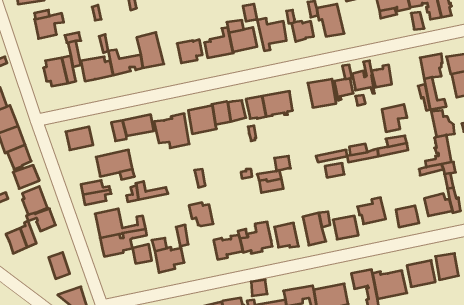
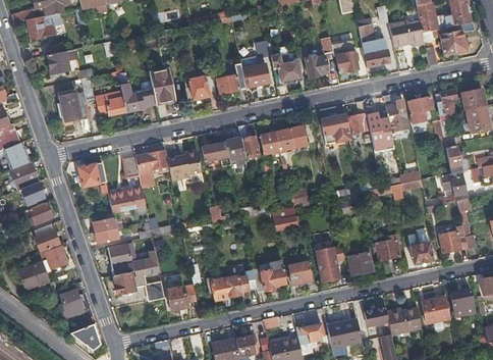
building: none -> [362,40,390,66]
building: [382,104,407,132] -> [406,96,432,123]
building: [189,203,213,226] -> [206,274,230,298]

